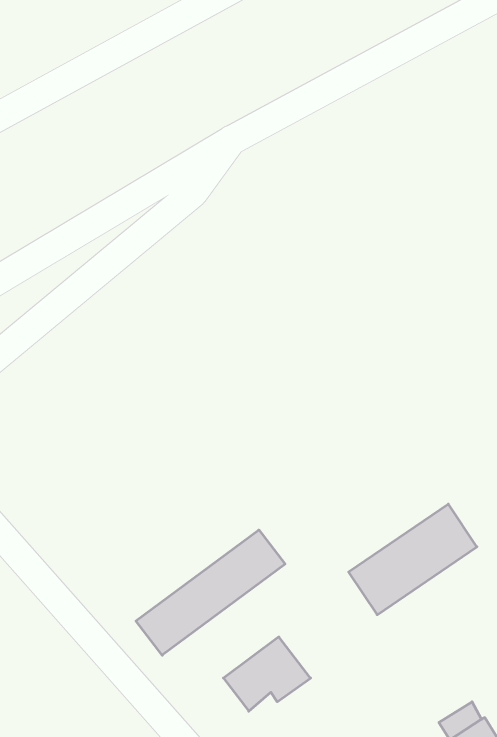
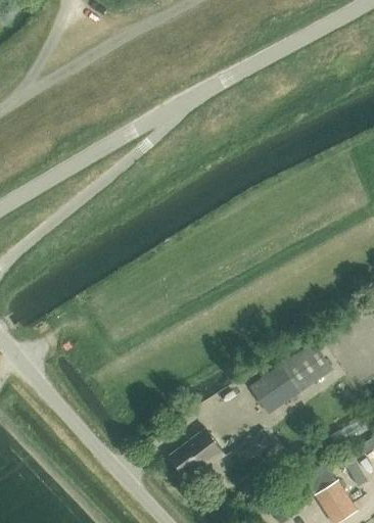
building: [136,530,285,655] -> none

